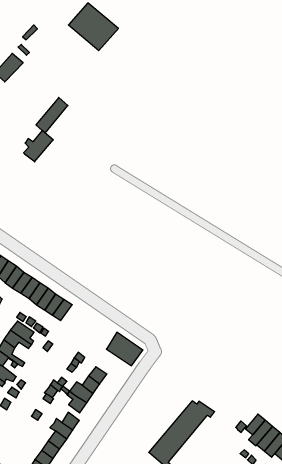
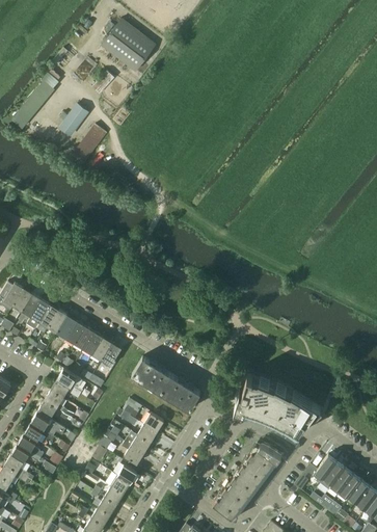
building: [24,131,53,162] -> [58,104,89,138]
building: none -> [131,358,171,395]
building: none -> [234,376,317,434]

